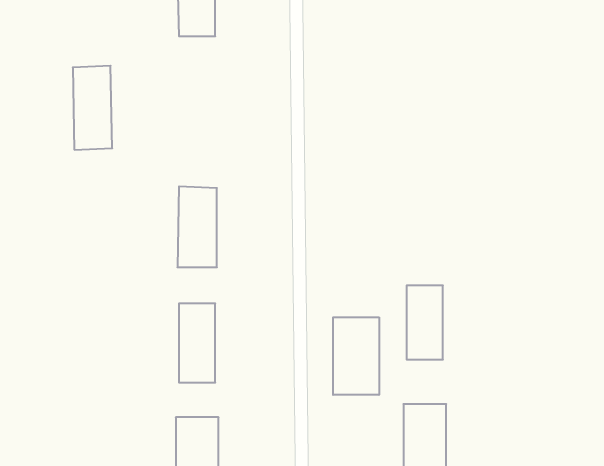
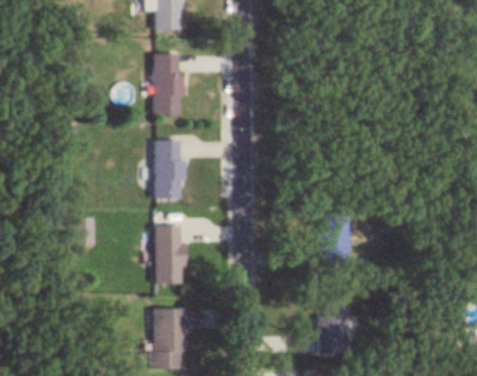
building: [73,66,112,150] -> [154,52,183,113]
building: [333,317,379,395] -> none

